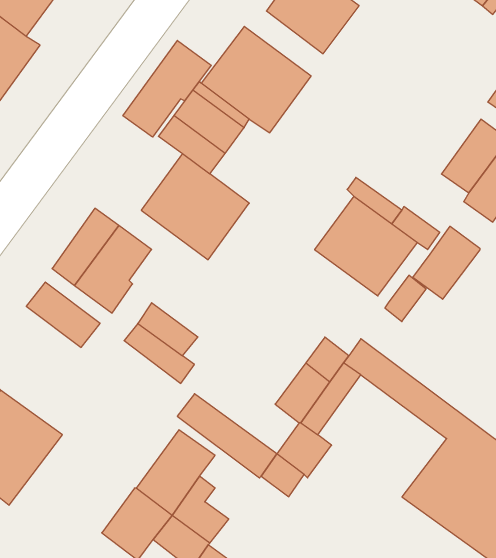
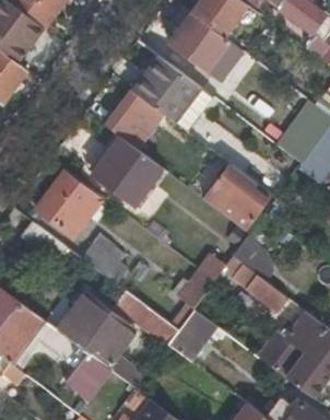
building: [123,40,211,137] -> none
building: [413,226,480,299] -> none
building: none -> [57,291,116,351]

